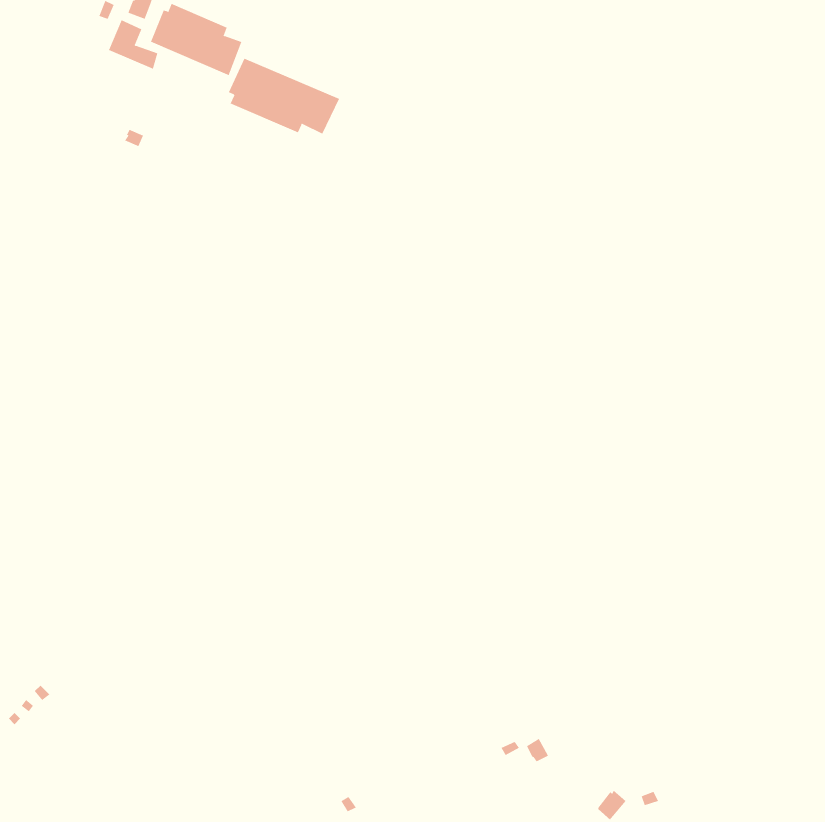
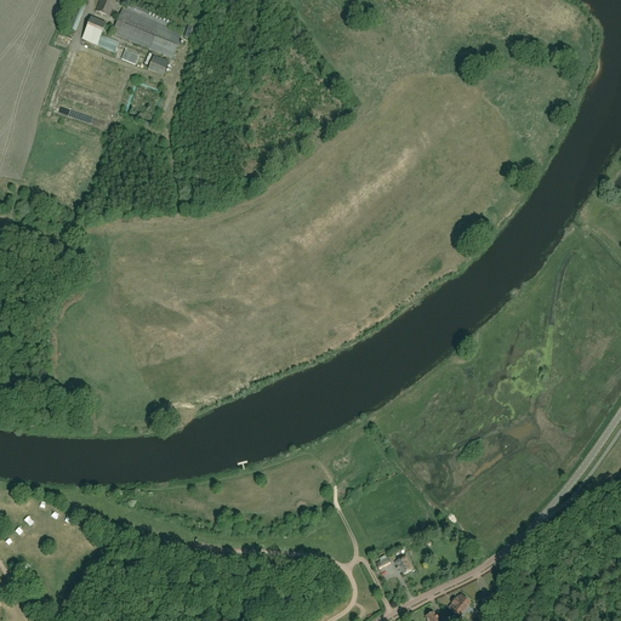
building: [228,58,340,135] -> none

